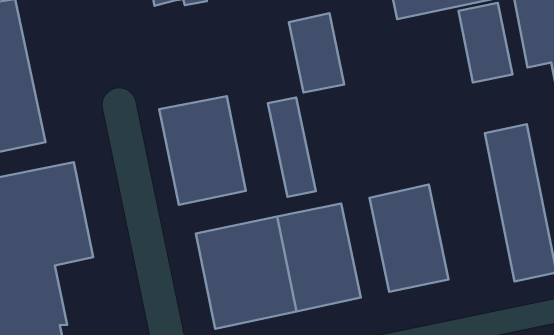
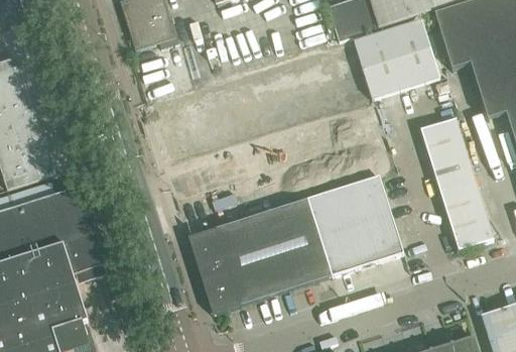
building: [289,13,344,93] -> [357,28,408,97]
building: [159,96,246,205] -> none
building: [268,97,316,197] -> [308,192,356,275]

